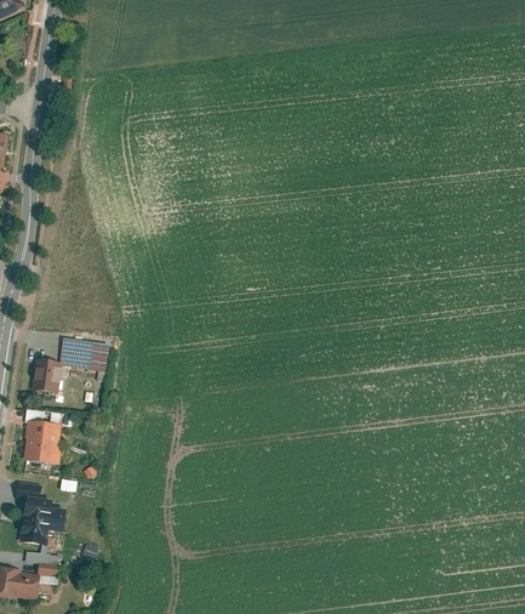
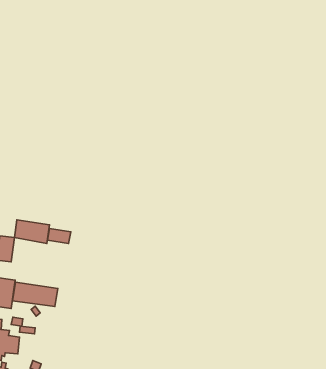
building: none -> [47,229,71,244]
building: none -> [12,282,58,306]

